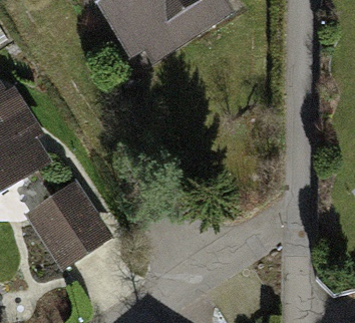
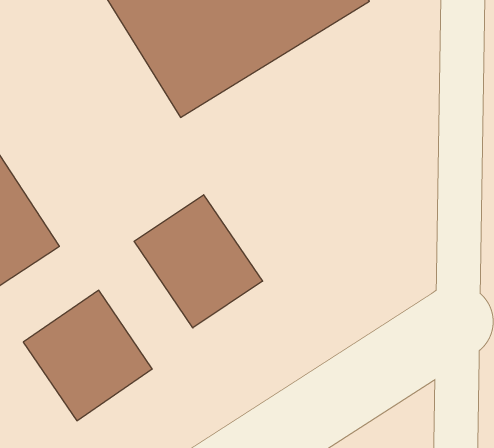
building: none -> [134,195,263,328]

